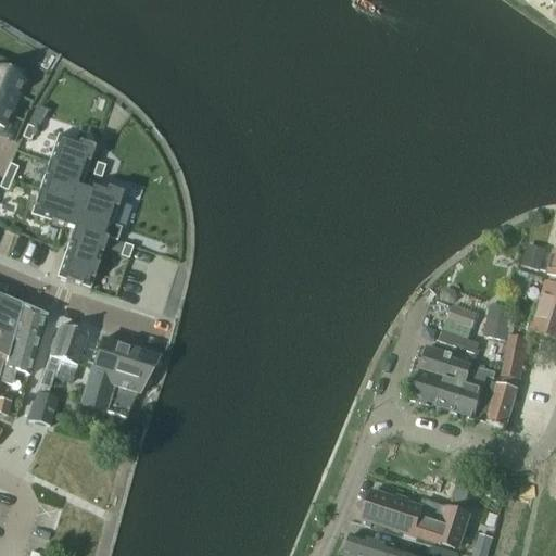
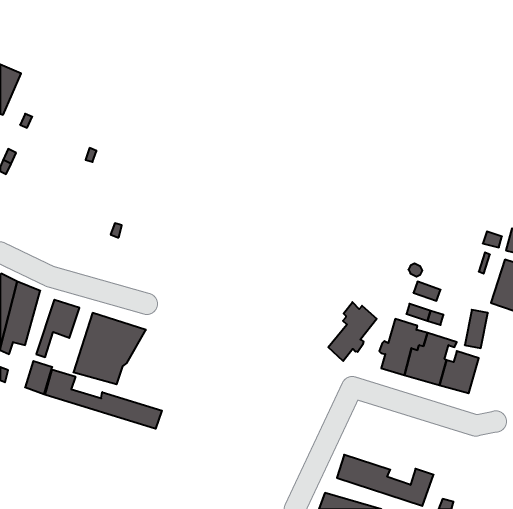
building: [30,132,122,287] -> none
building: [484,302,513,339] -> none
building: none -> [328,302,377,361]
building: none -> [45,369,162,429]

